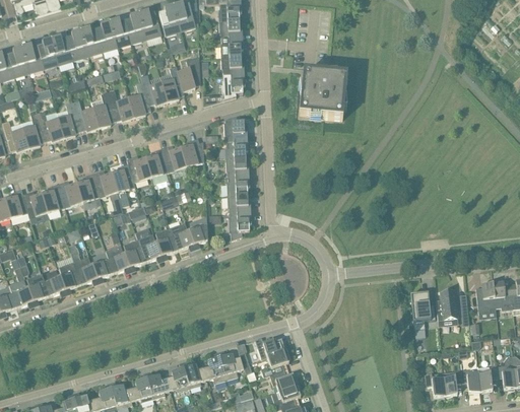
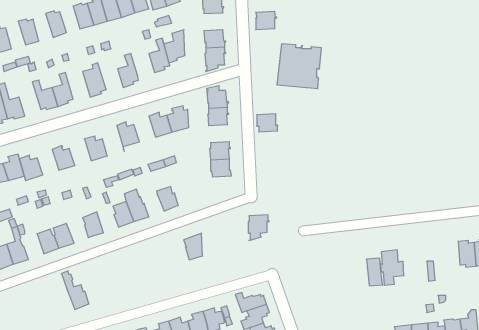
building: [66,30,87,59] -> none
building: [220,38,243,57] -> [256,11,277,29]
building: [38,39,59,68] -> none
building: [8,47,29,76] -> none
building: [140,73,168,105] -> none
building: [107,89,134,121] -> none
building: [72,99,99,131] -> none
building: [22,112,46,148] -> none
building: [145,148,169,176] -> none
building: [225,157,248,177] -> [257,114,278,132]
building: [112,158,135,206] -> none
building: [76,173,100,201] -> none
building: [42,184,65,211] -> none
building: [229,212,251,239] -> [248,215,269,241]
building: [187,215,207,244] -> [184,233,203,260]
building: [155,228,178,256] -> none
building: [67,243,96,284] -> [61,271,89,310]
building: [106,246,129,273] -> none
building: [26,274,49,301] -> none
building: [475,282,495,312] -> none
building: [440,289,457,319] -> [366,258,383,286]

